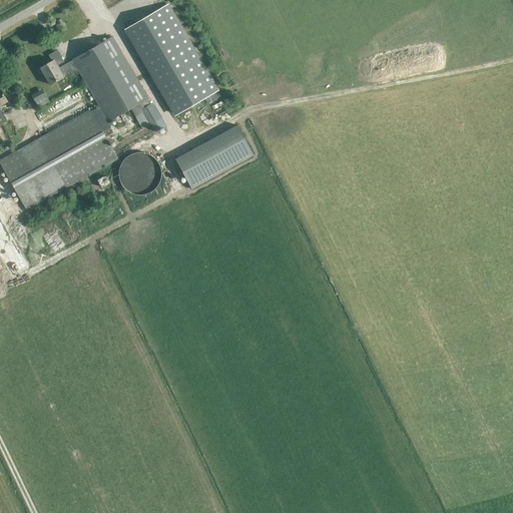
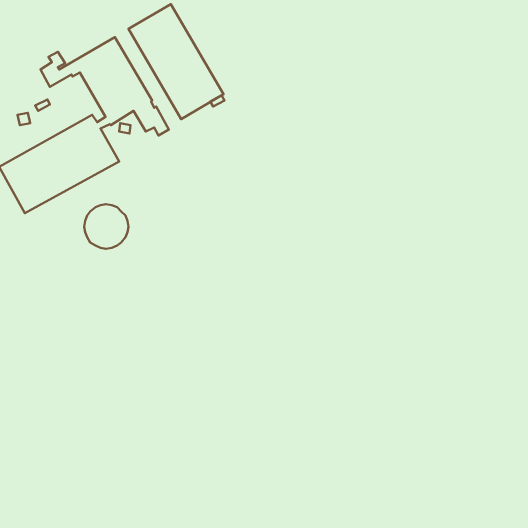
building: [175,125,254,187] -> none
building: [117,151,160,194] -> [84,204,129,249]

